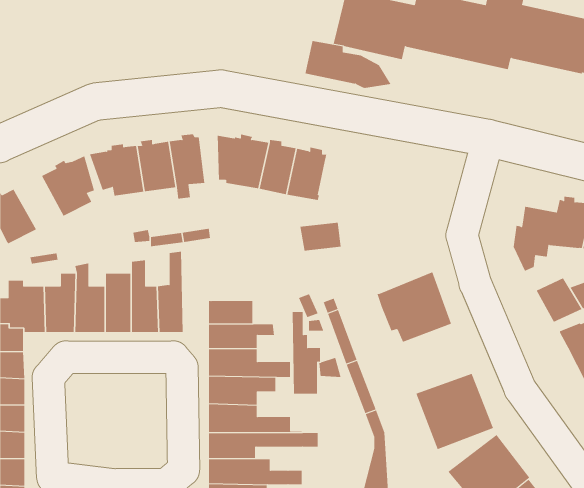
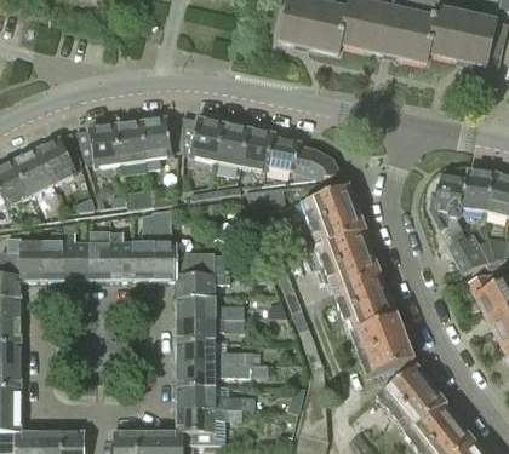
building: [304,41,392,88] -> [267,138,339,178]
building: none -> [12,150,53,195]
building: none -> [304,185,364,248]
building: [292,311,321,394] -> [153,212,177,281]
building: none -> [336,274,395,332]

